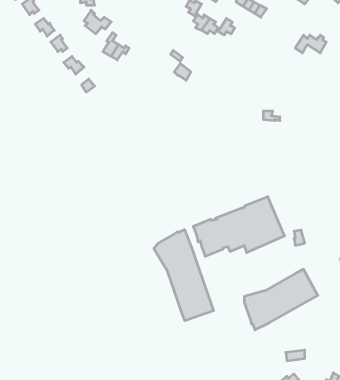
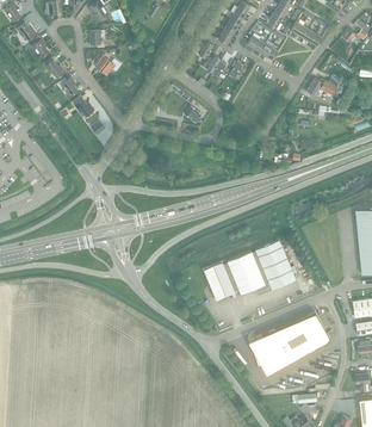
building: [154,230,214,321] -> none

